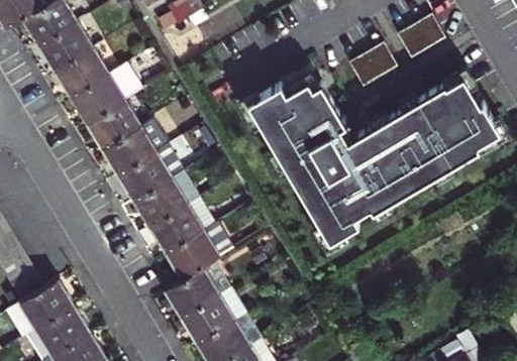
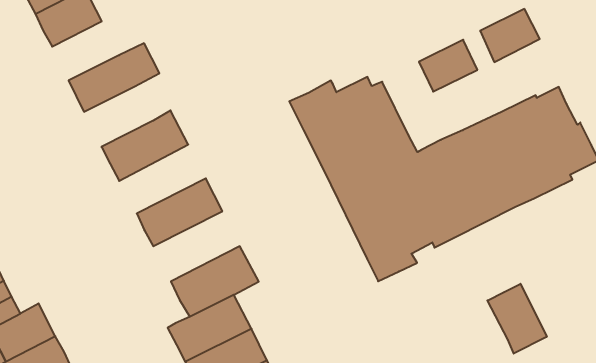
building: [55,49,109,99] -> none
building: [84,100,140,150] -> none
building: [116,143,186,202] -> none
building: [147,195,217,254] -> none
building: none -> [487,284,547,354]

